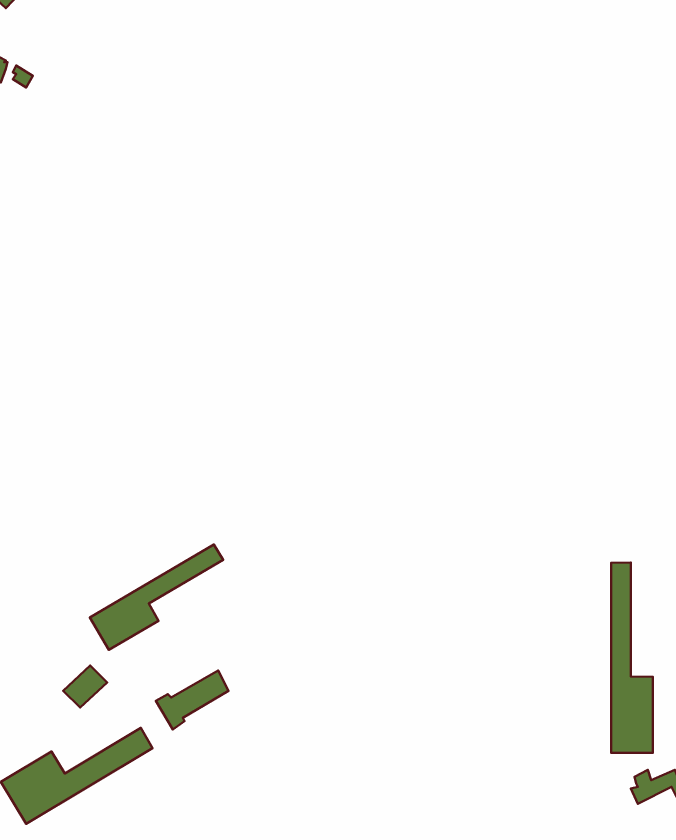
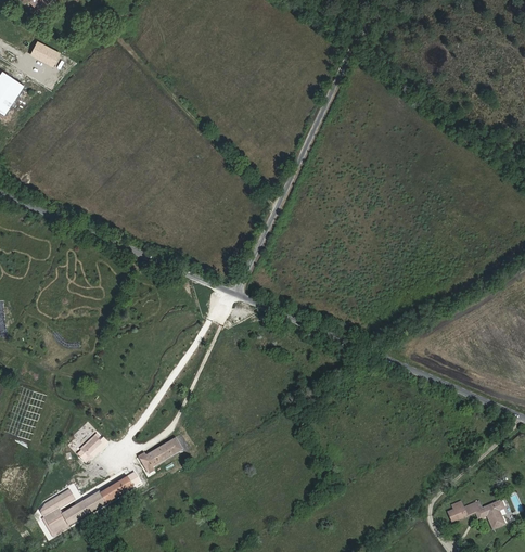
building: [90,544,223,650] -> none
building: [611,562,653,753] -> none

